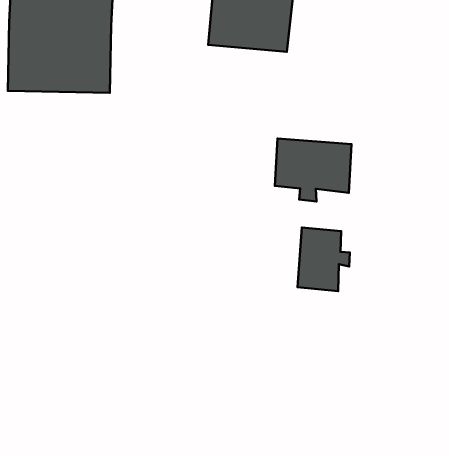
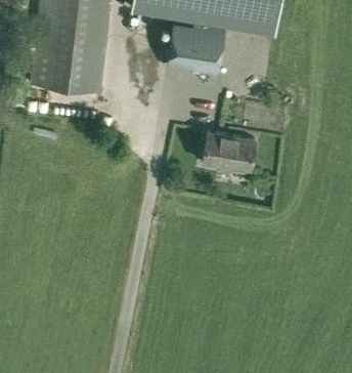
building: [297,228,350,291] -> none

